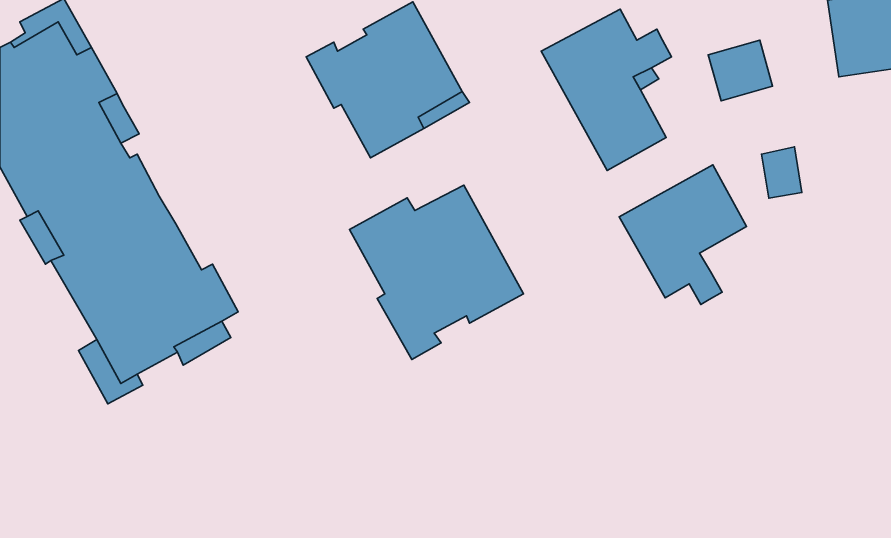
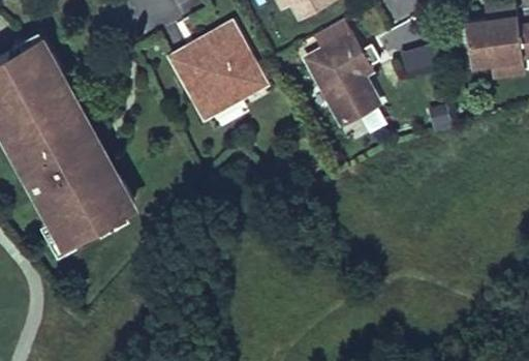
building: [619,165,747,305] -> none
building: [349,185,524,360] -> none

